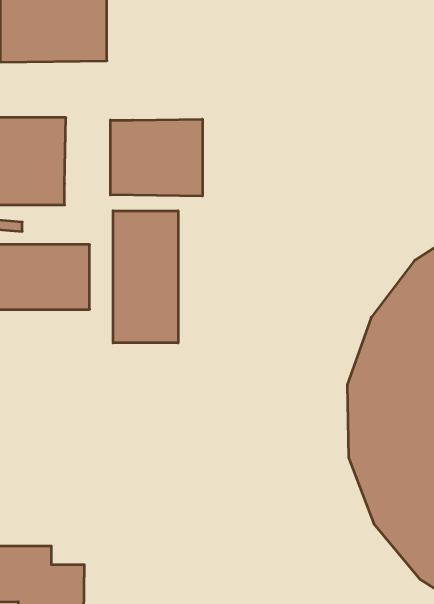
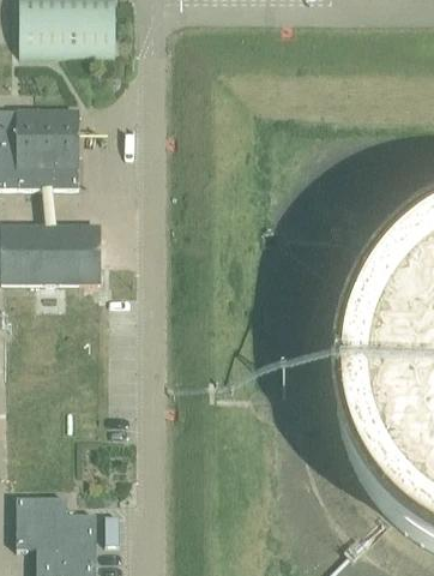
building: [110,119,202,196] -> none
building: [113,211,178,343] -> none

